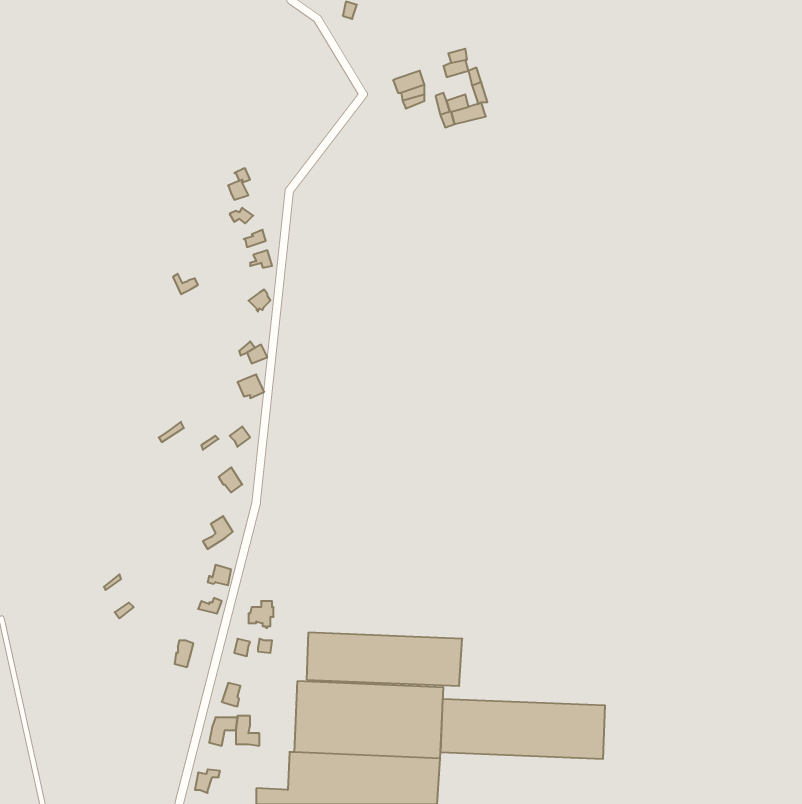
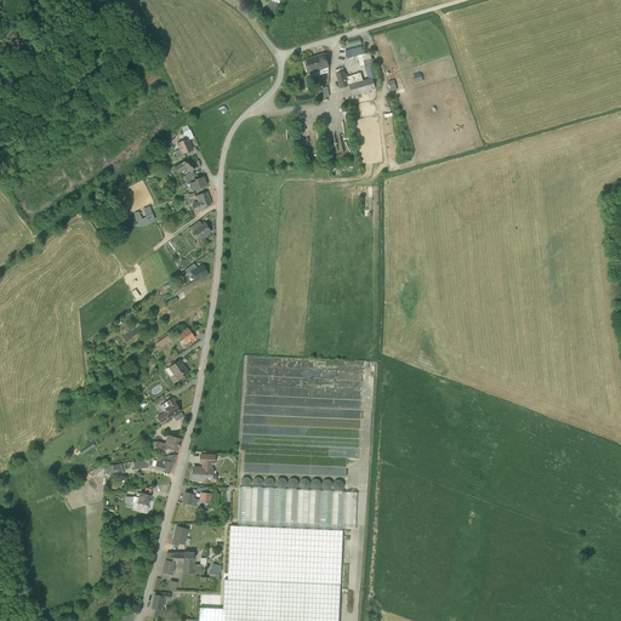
building: [441,699,605,759] -> none

